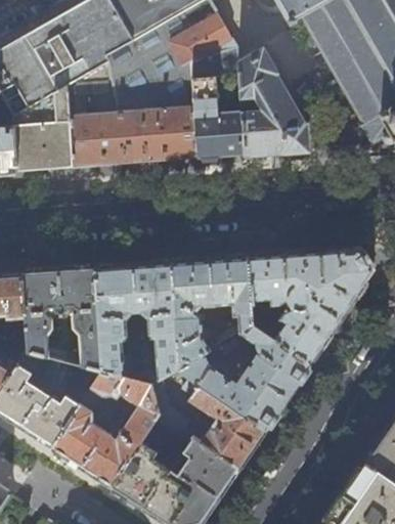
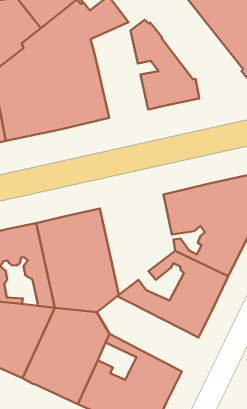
building: [192,79,246,159] -> none
building: [172,258,253,367] -> none
building: [150,379,265,468] -> none

